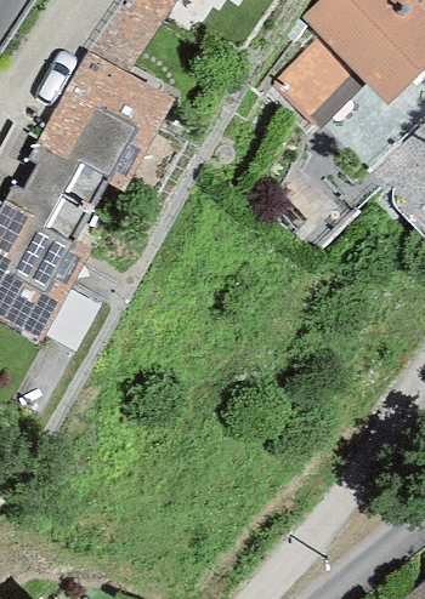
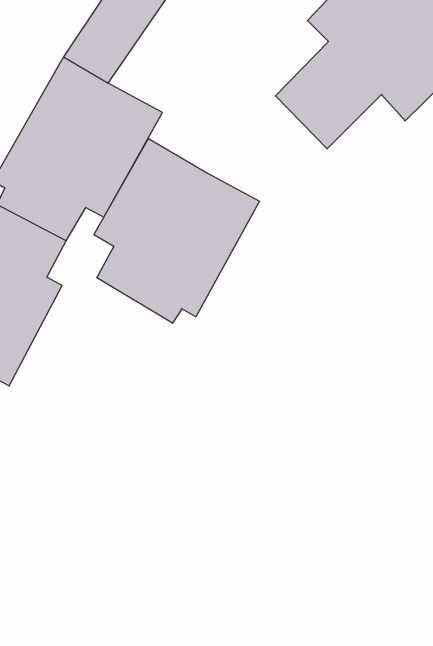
building: none -> [94,139,260,323]

